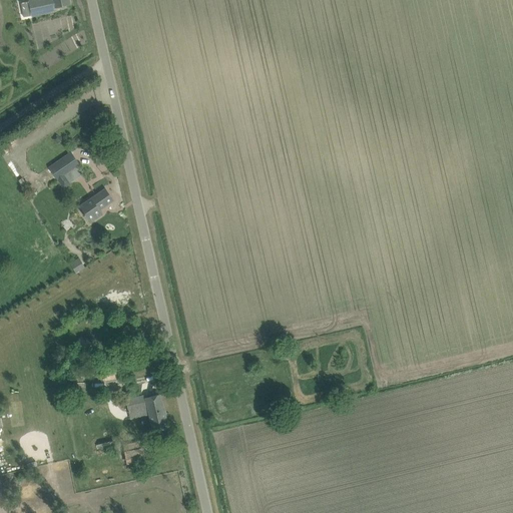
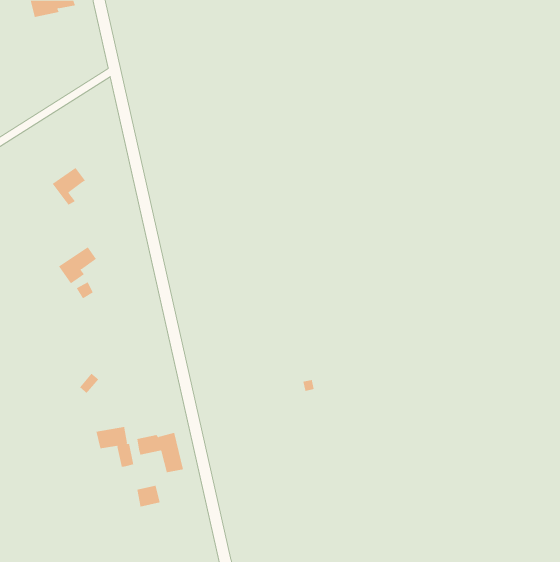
building: [77,188,112,222] -> [58,247,97,284]
building: none -> [96,426,134,468]

